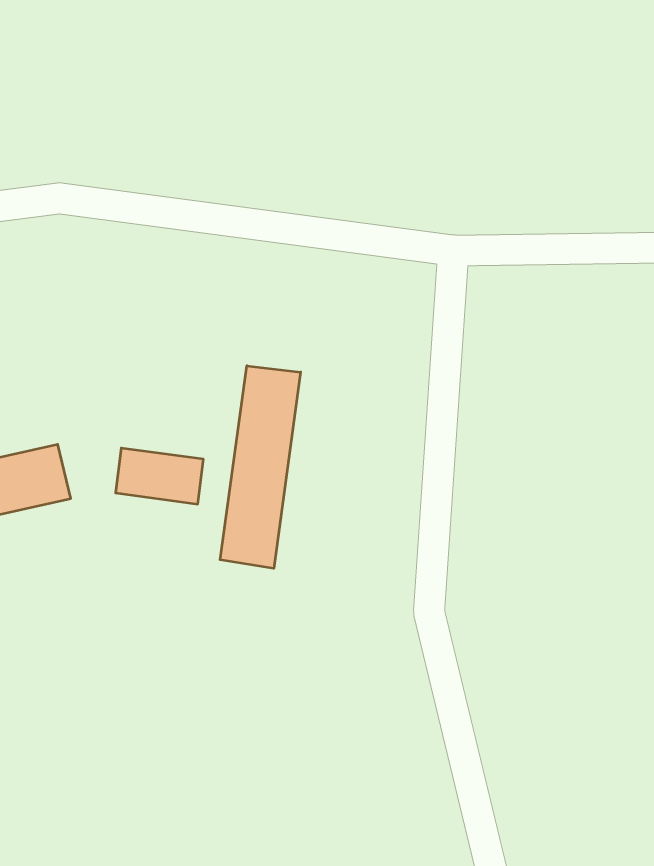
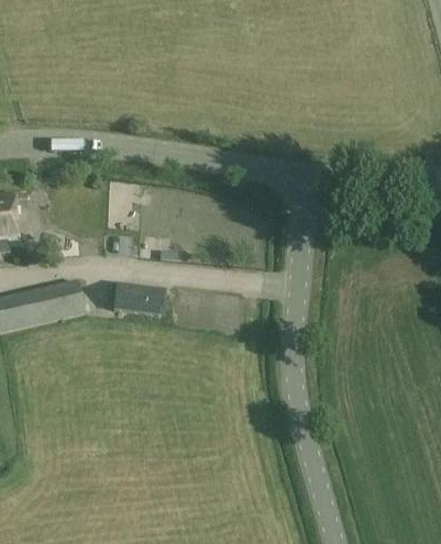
building: [220,366,301,568] -> none

